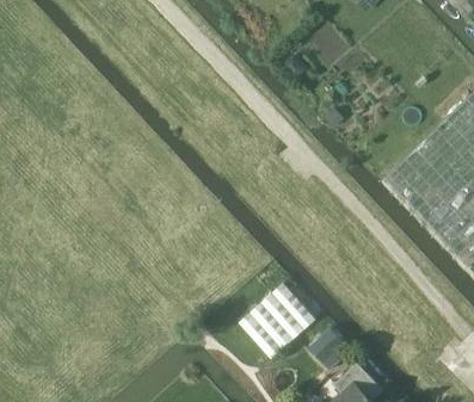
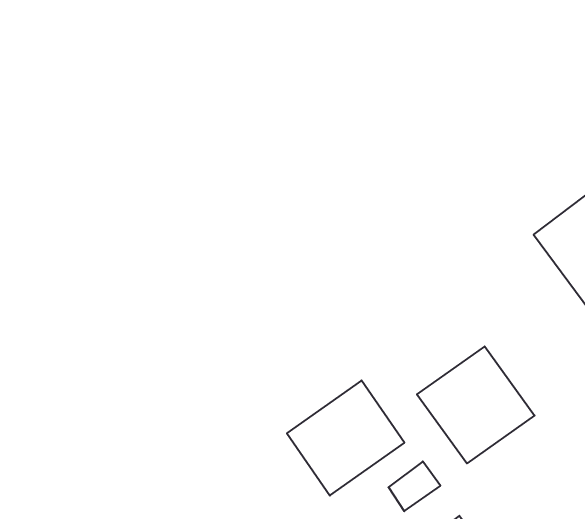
building: none -> [417,346,535,463]

